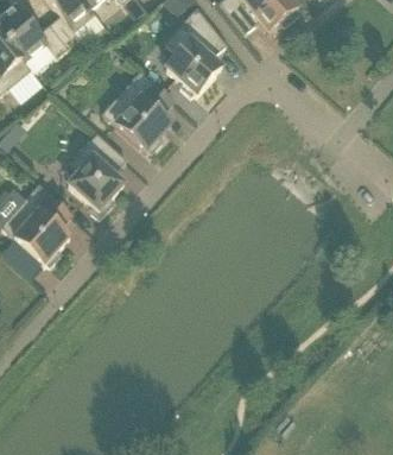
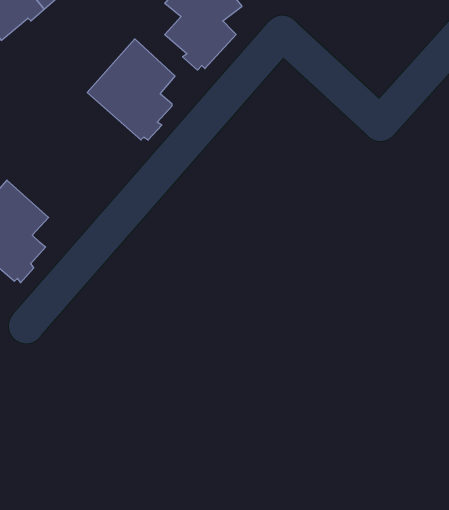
building: [68,132,125,216] -> none

